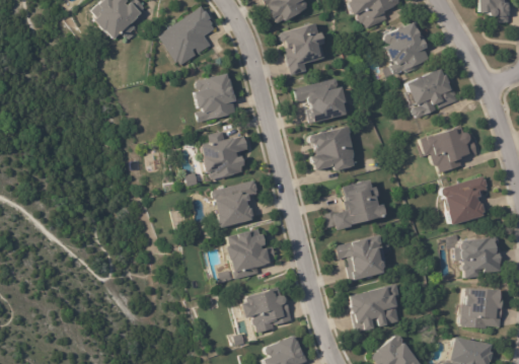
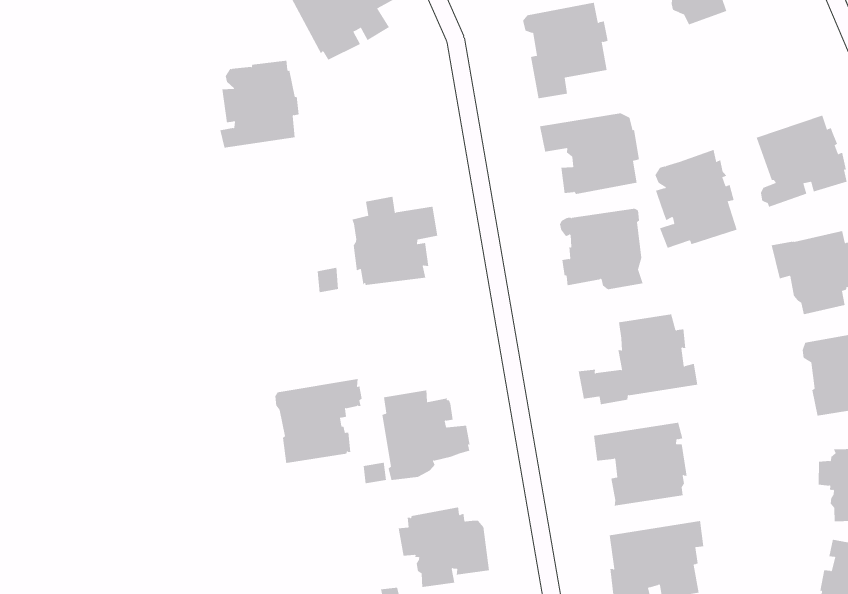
building: [385,21,431,75] -> [655,149,738,249]
building: [195,72,236,121] -> [220,60,300,148]
building: [212,179,257,227] -> [274,379,362,464]

